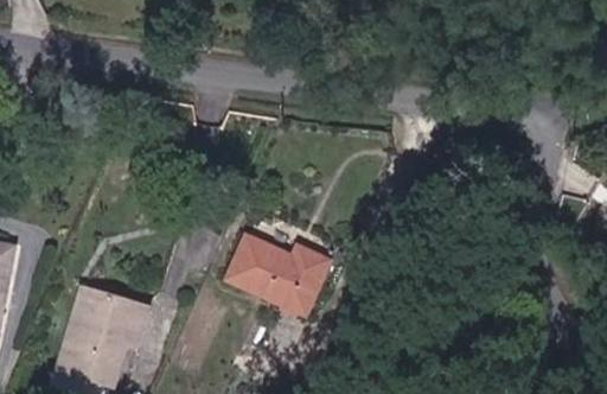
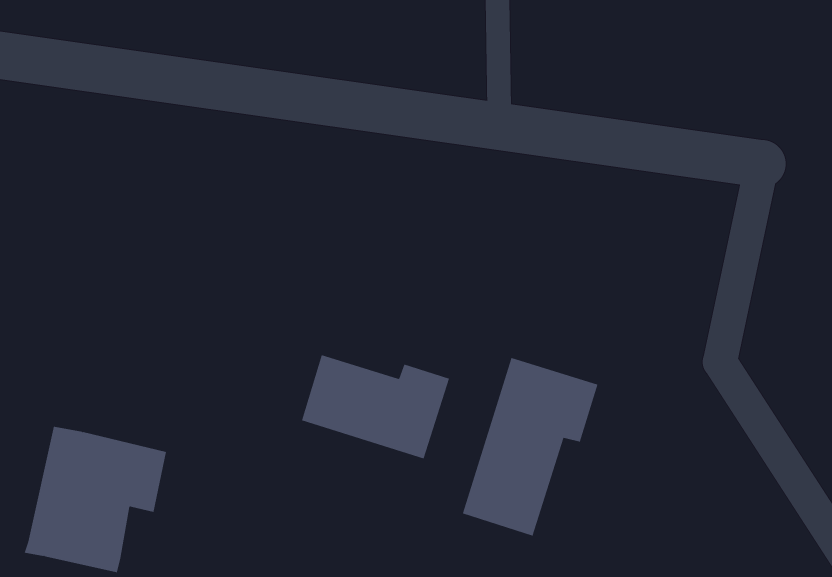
building: none -> [462,357,598,536]

